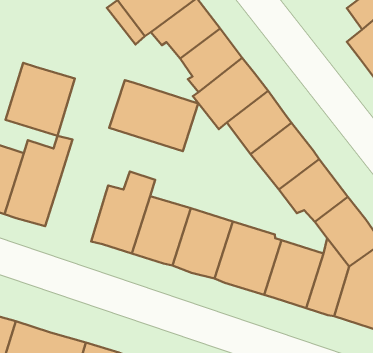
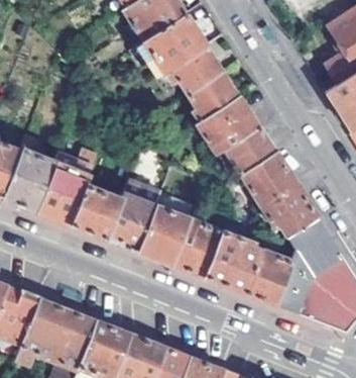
building: [6,63,75,136] -> none
building: [109,80,198,151] -> none
building: none -> [69,183,120,237]

